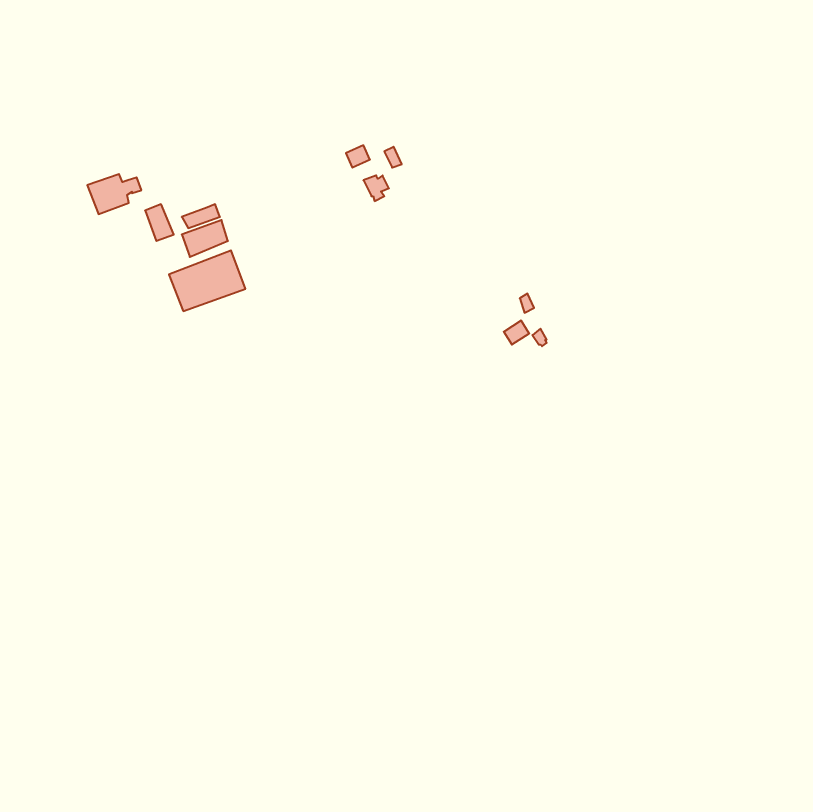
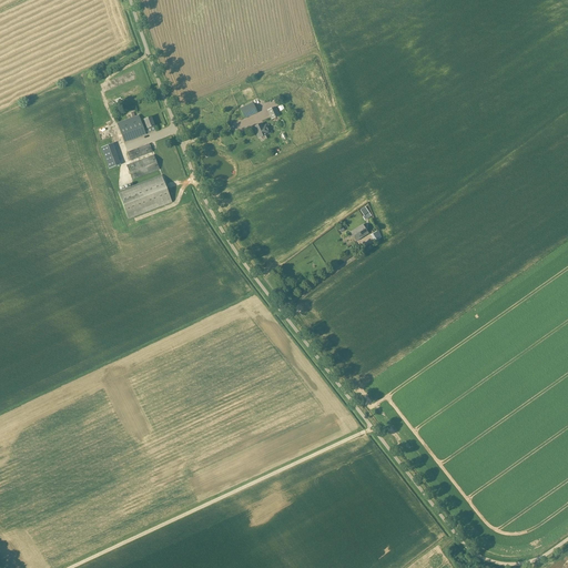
building: [87,174,141,214] -> [118,113,155,141]

